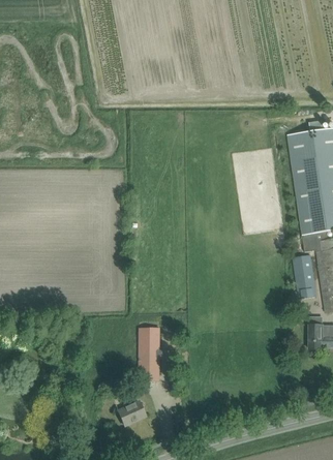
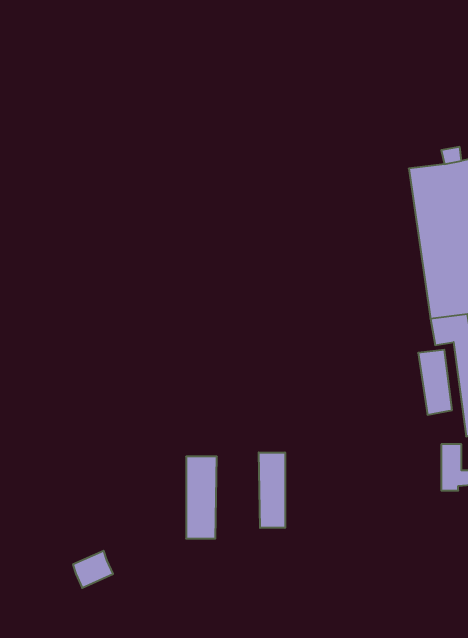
building: none -> [259,452,285,528]
building: [118,401,145,426] -> [73,551,113,588]

